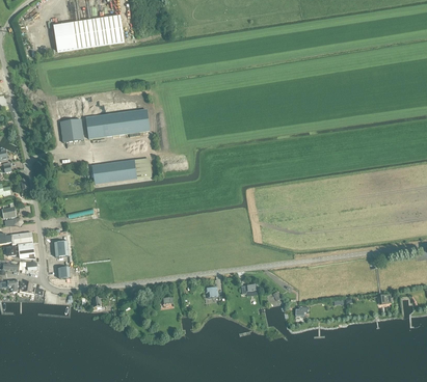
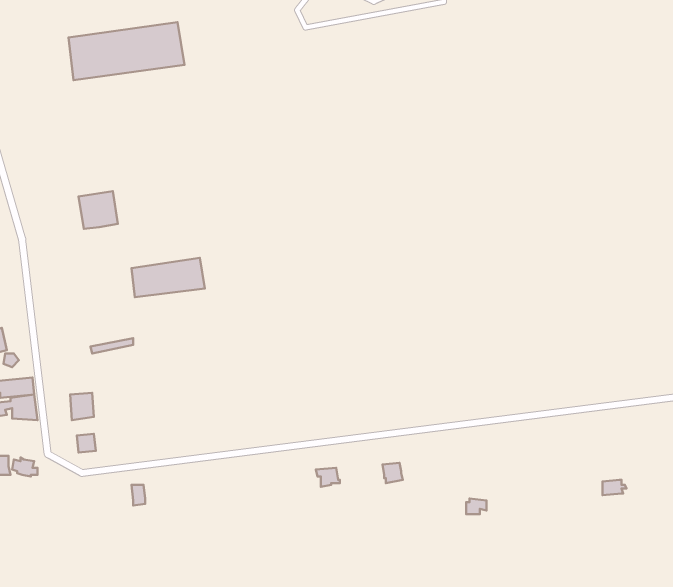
building: [85,108,149,138] -> none

